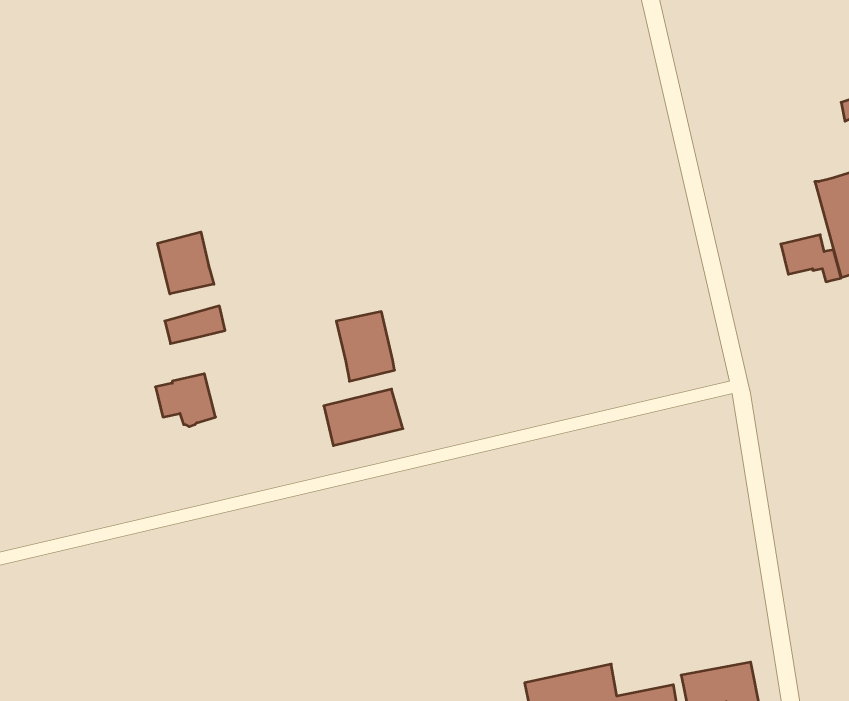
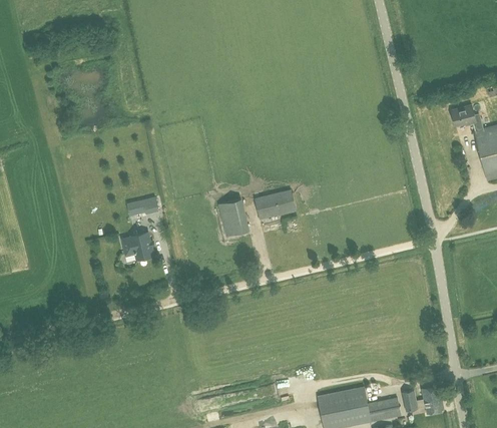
building: [158,232,214,294] -> none
building: [781,235,841,282] -> [451,105,483,130]
building: [324,389,403,446] -> [255,189,297,220]

